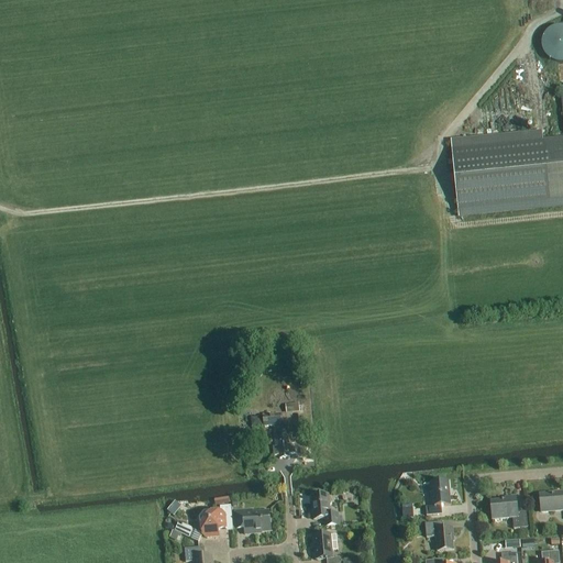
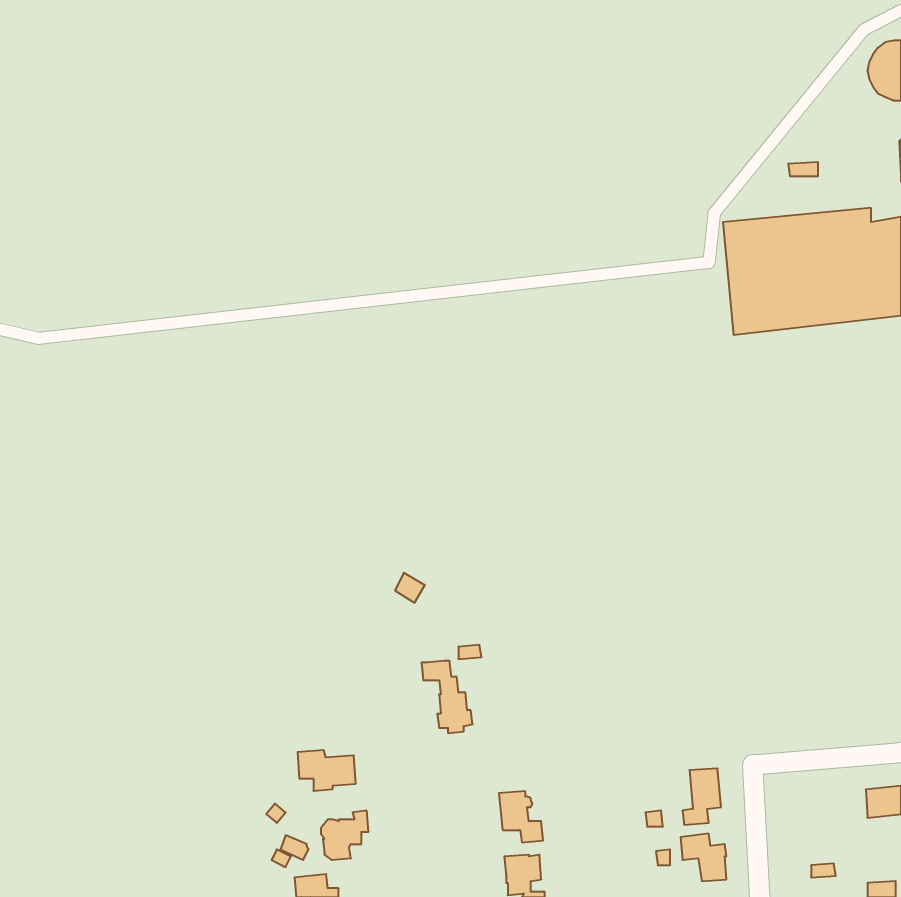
building: [490,495,528,528] -> none
building: [234,508,271,533] -> [298,750,356,791]

